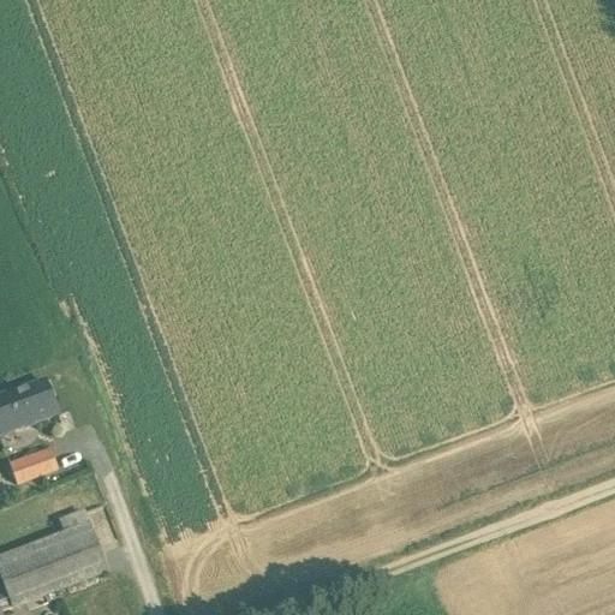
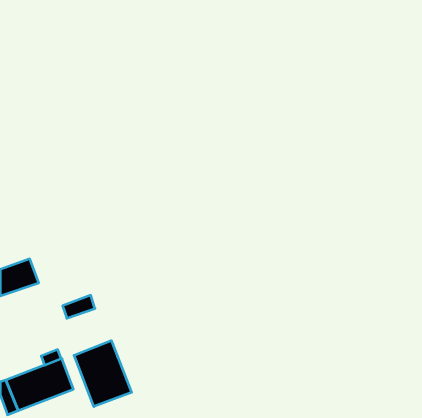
building: [10,447,56,480] -> [63,295,95,318]
building: none -> [74,341,132,407]

